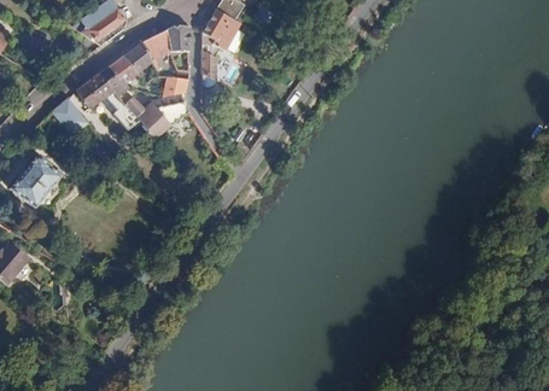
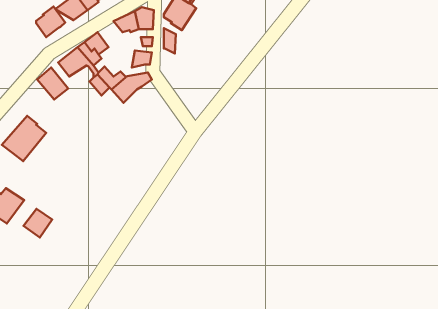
building: none -> [36,7,65,37]
building: [122,41,154,72] -> none
building: none -> [24,209,52,238]

